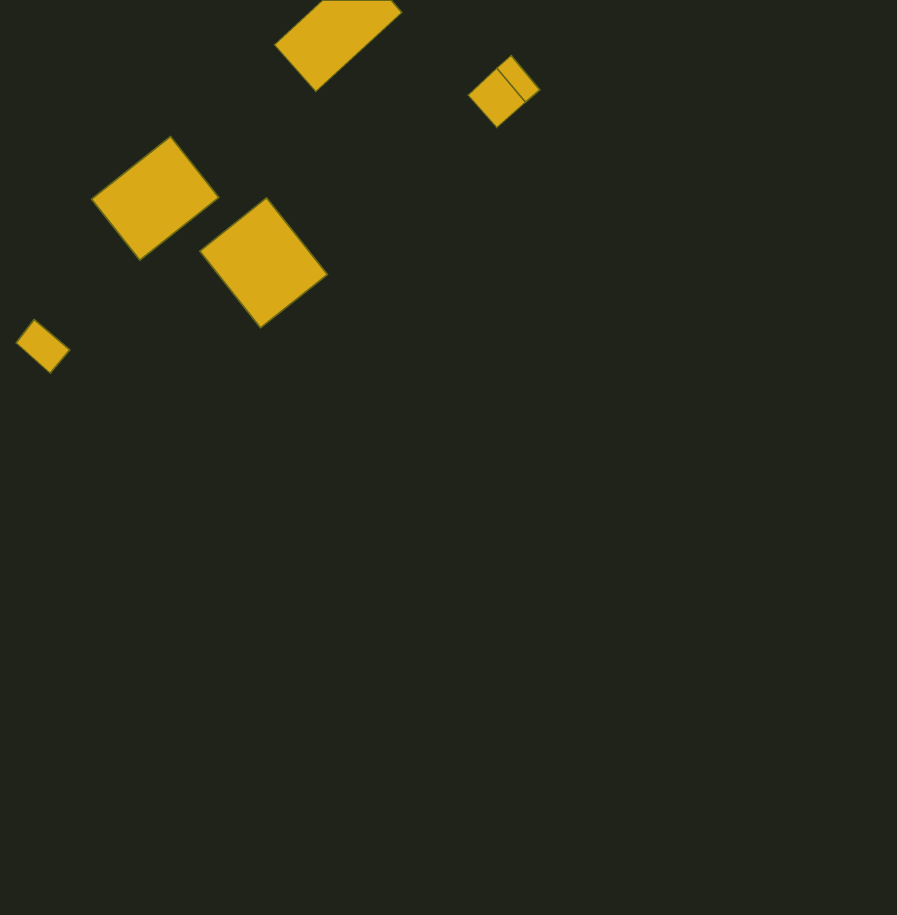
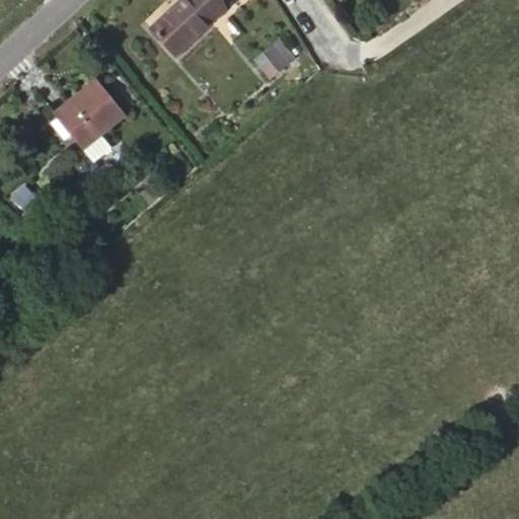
building: [200,198,327,328] -> none

